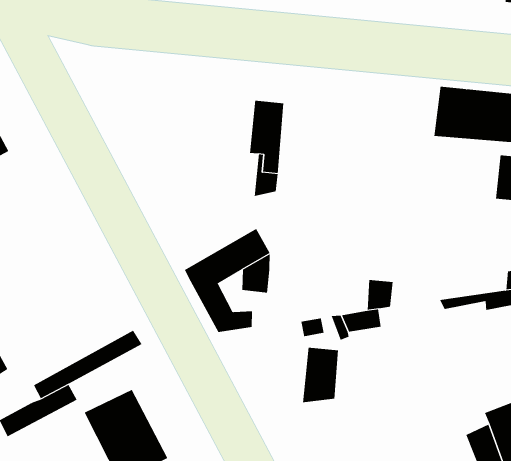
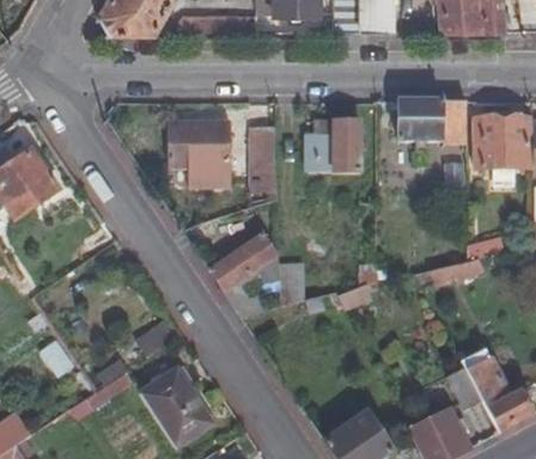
building: none -> [165,121,227,188]
building: none -> [305,118,359,172]
building: [302,347,339,403] -> [276,262,303,307]

